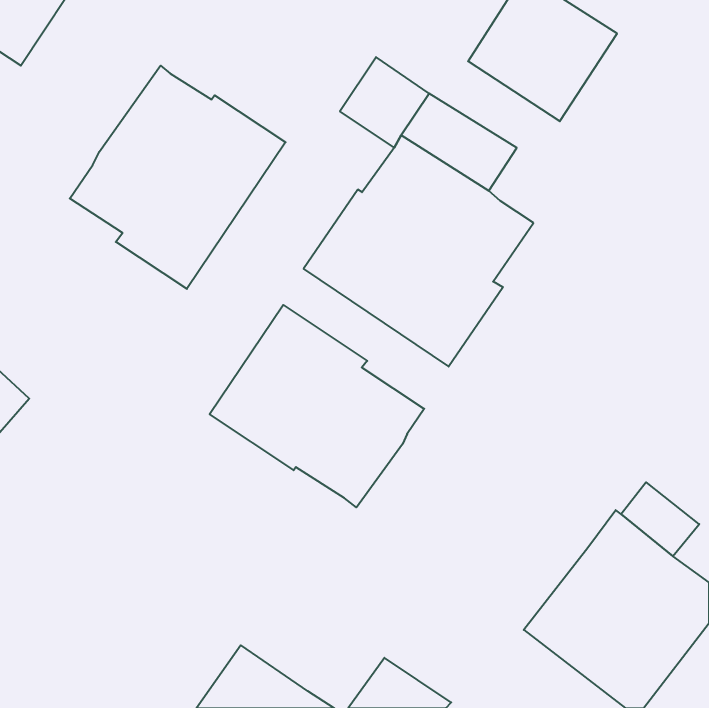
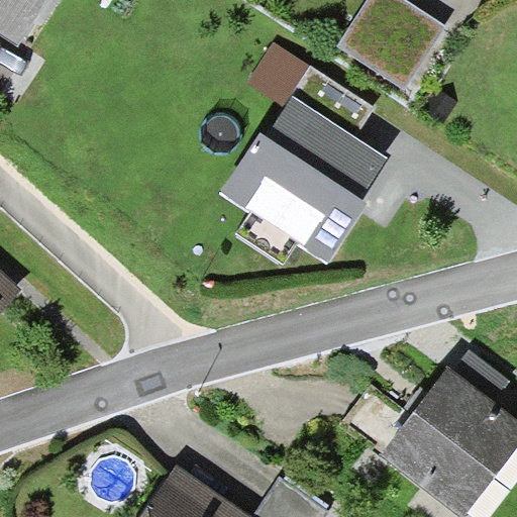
building: [70,66,286,289] -> none
building: [210,305,424,507] -> none

